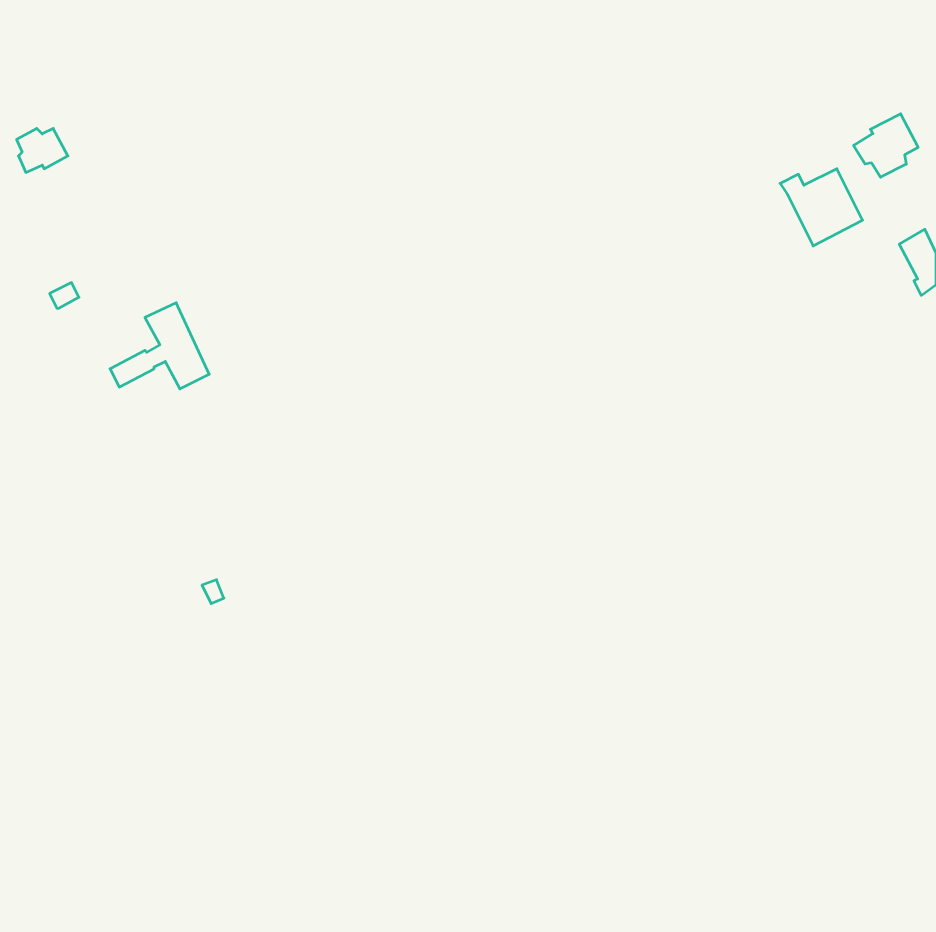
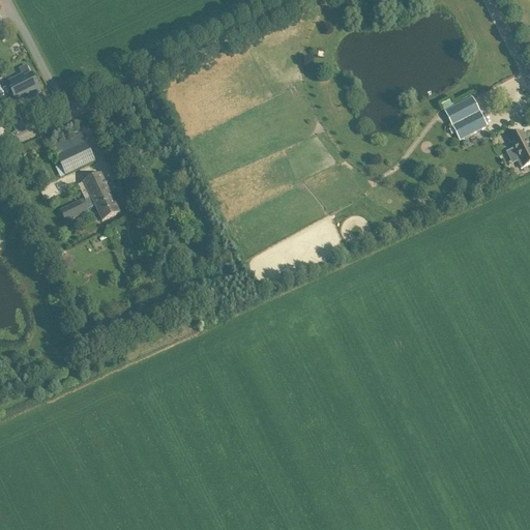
building: [854,114,918,177] -> none
building: none -> [51,130,93,173]

